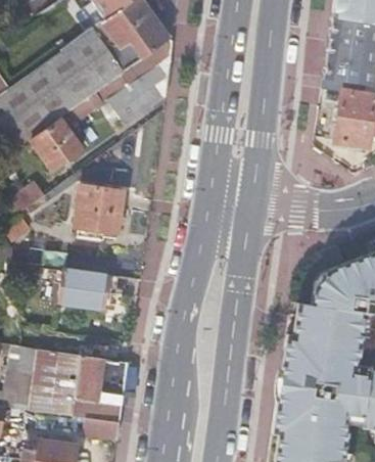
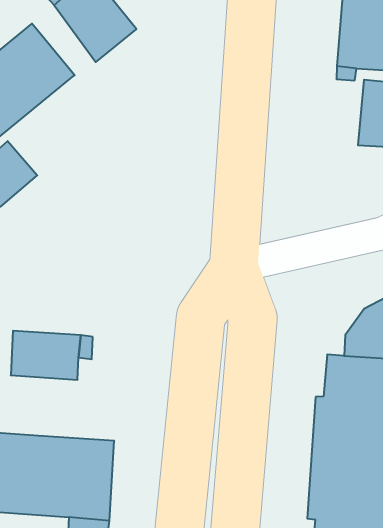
building: [93,34,174,120] -> none
building: [73,186,122,243] -> none

